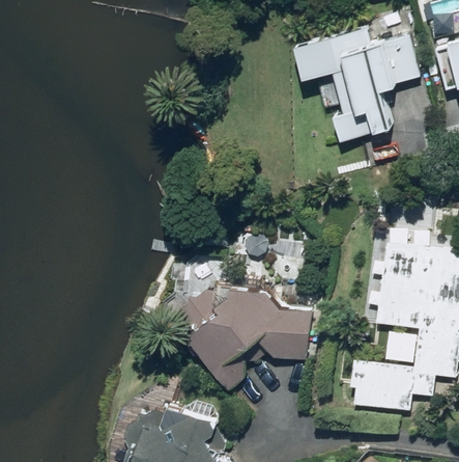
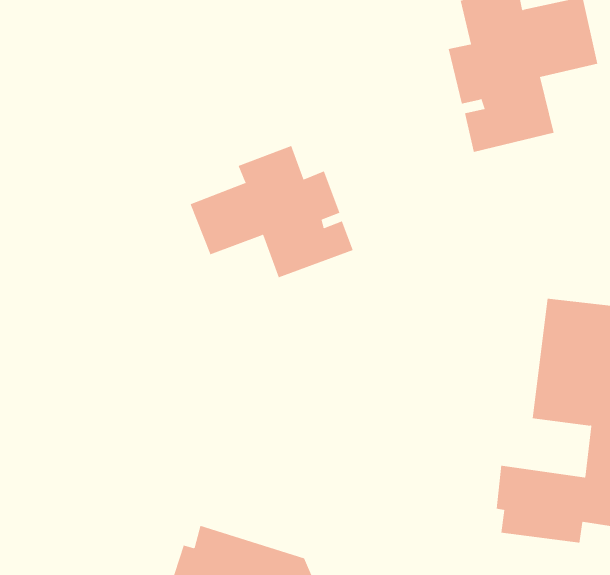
building: none -> [190,145,354,278]
building: [178,259,310,392] -> none

